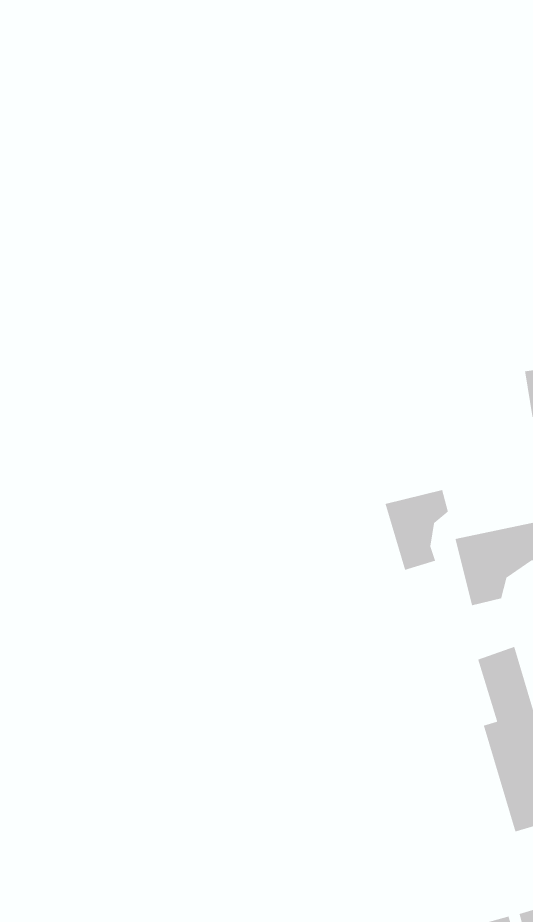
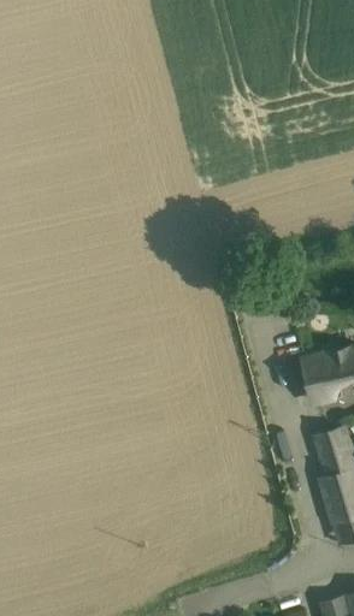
building: [384,489,449,571] -> none

